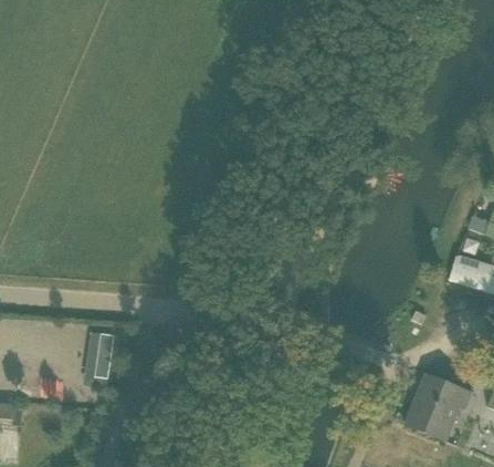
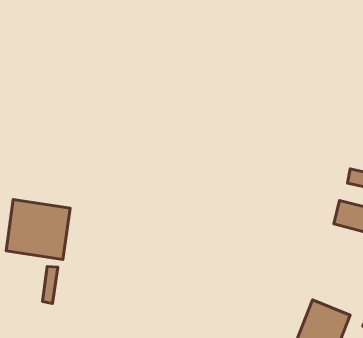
building: none -> [6,199,70,259]

